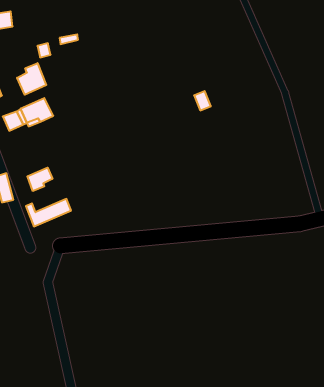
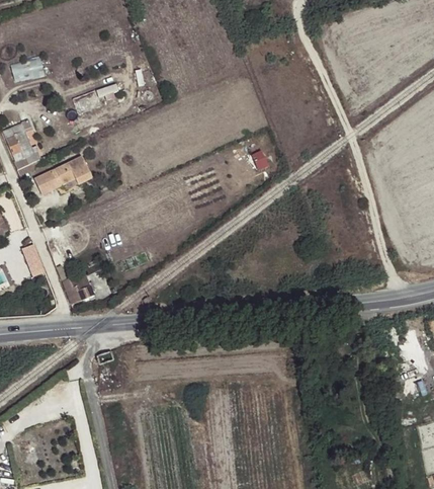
building: [17,63,46,95] -> none
building: [27,168,52,191] -> none

